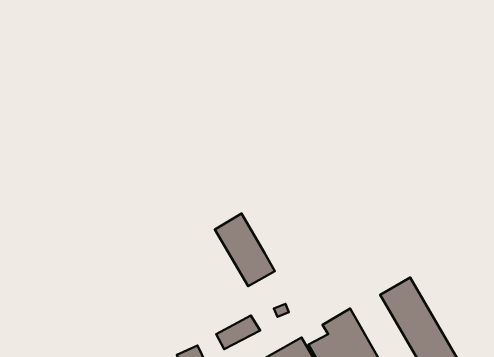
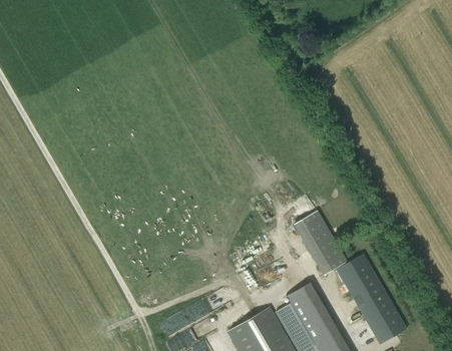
building: [215,213,275,286] -> [295,212,347,275]

